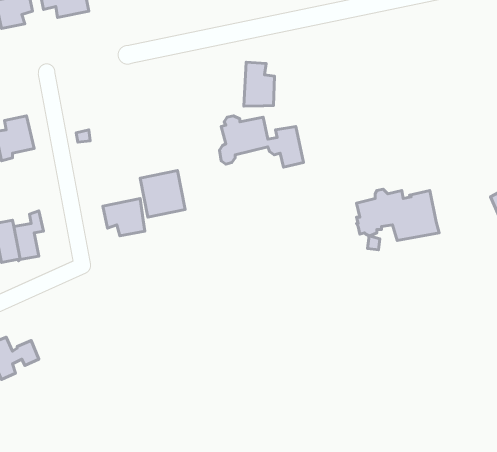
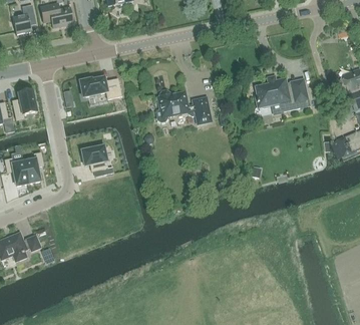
building: [244,62,275,106] -> none
building: [140,171,185,217] -> [77,75,106,105]
building: [357,189,439,241] -> [256,77,309,110]

